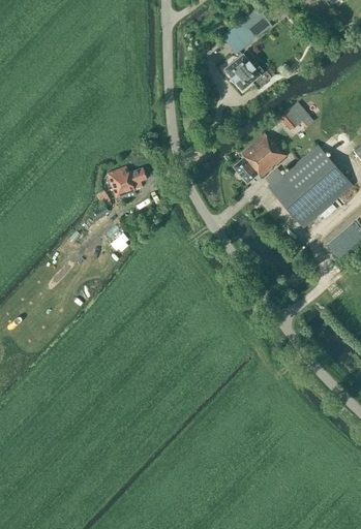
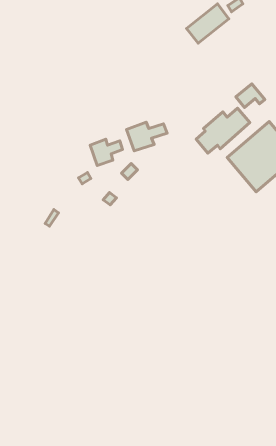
building: [225,54,262,90] -> none
building: none -> [127,122,167,151]

